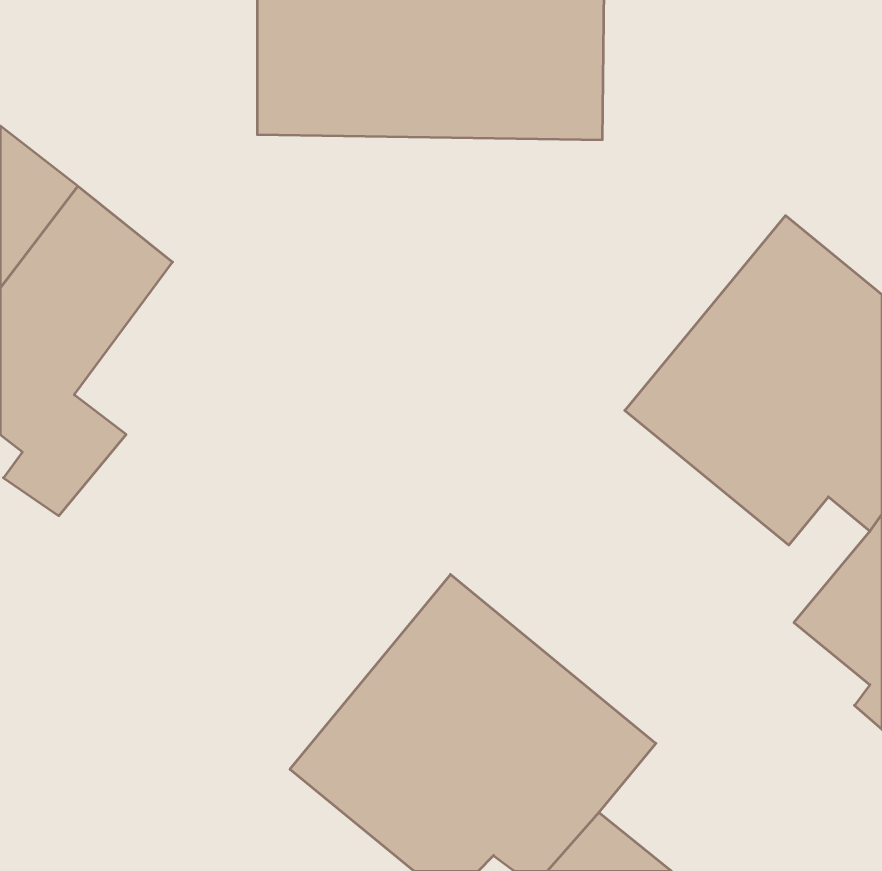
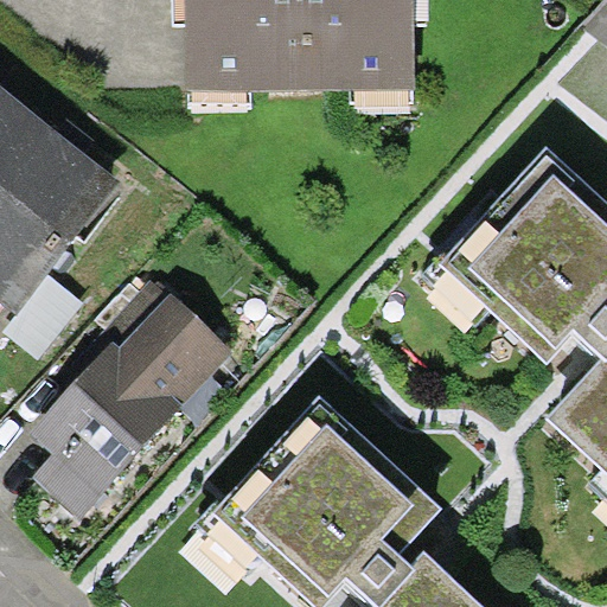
building: none -> [28,290,232,517]

